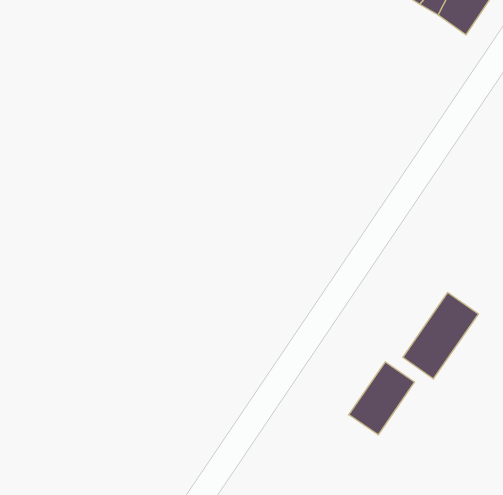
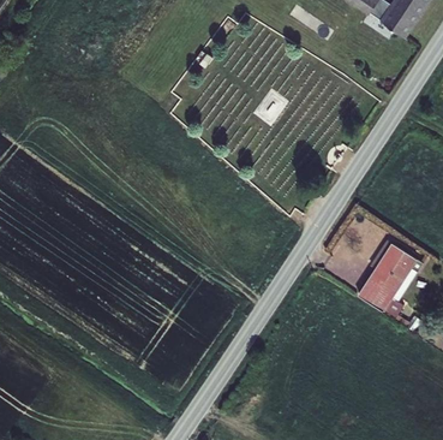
building: [349,362,415,435] -> none

